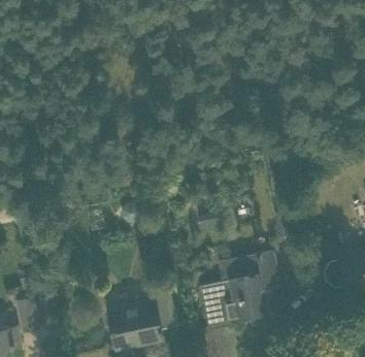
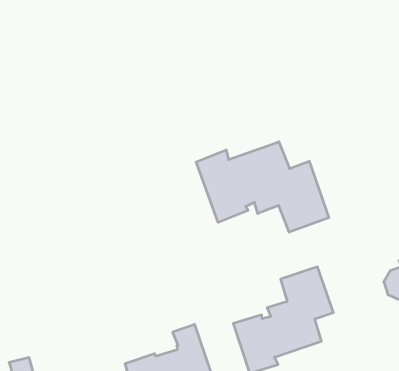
building: none -> [196,142,329,232]

